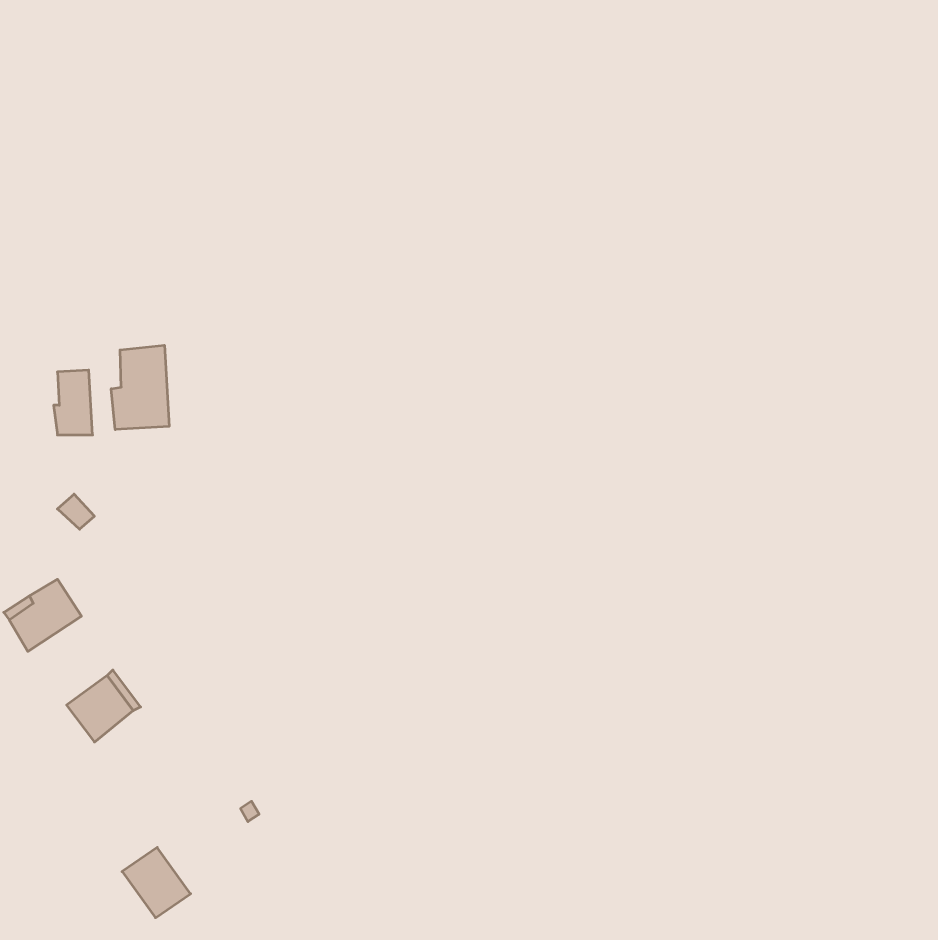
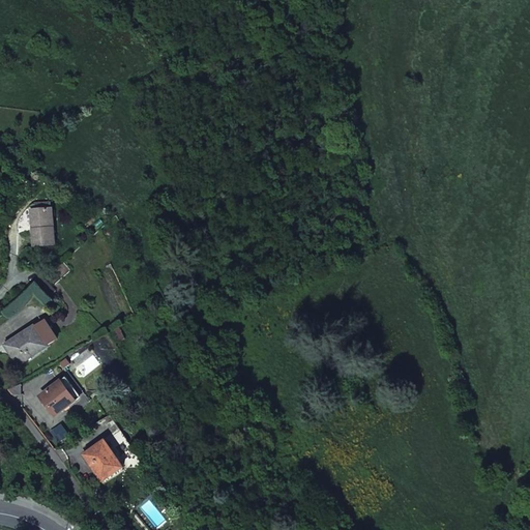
building: [111,345,169,430] -> none
building: [122,847,191,918] -> [83,439,121,478]

